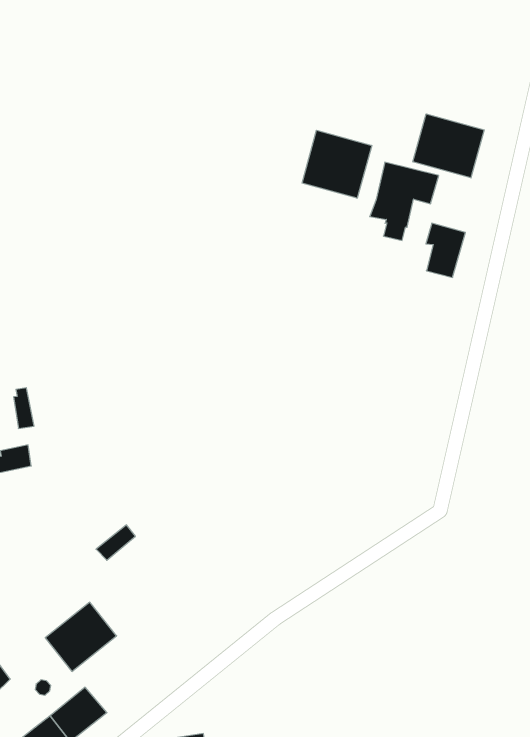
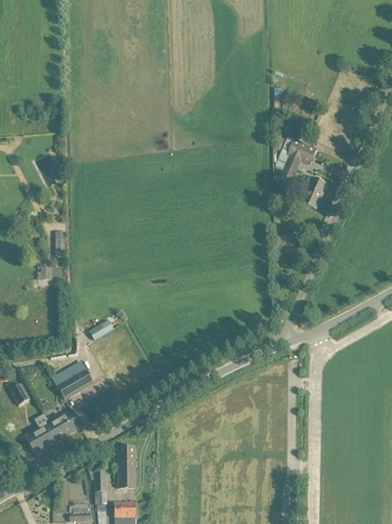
building: [413,114,484,178] -> none
building: [302,130,372,198] -> none

